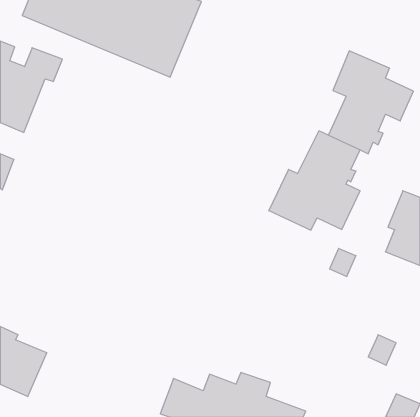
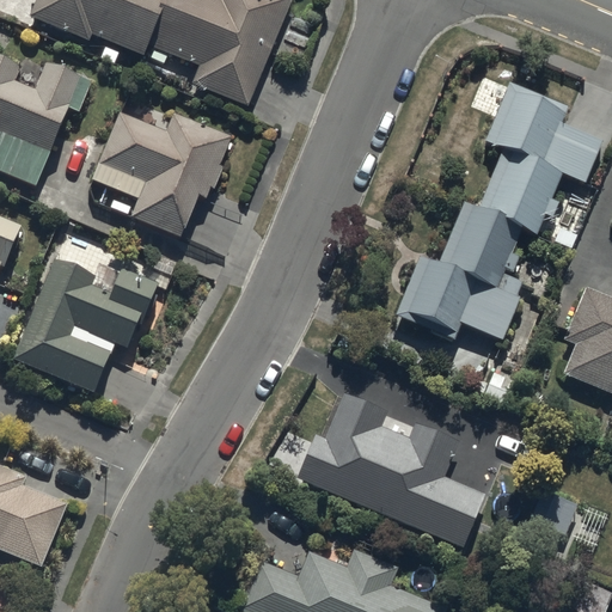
building: none -> [91,118,233,246]
building: none -> [14,269,157,400]
building: none -> [293,385,485,540]

